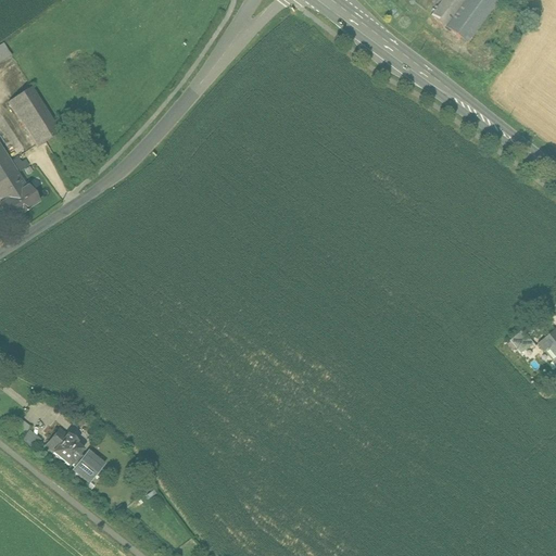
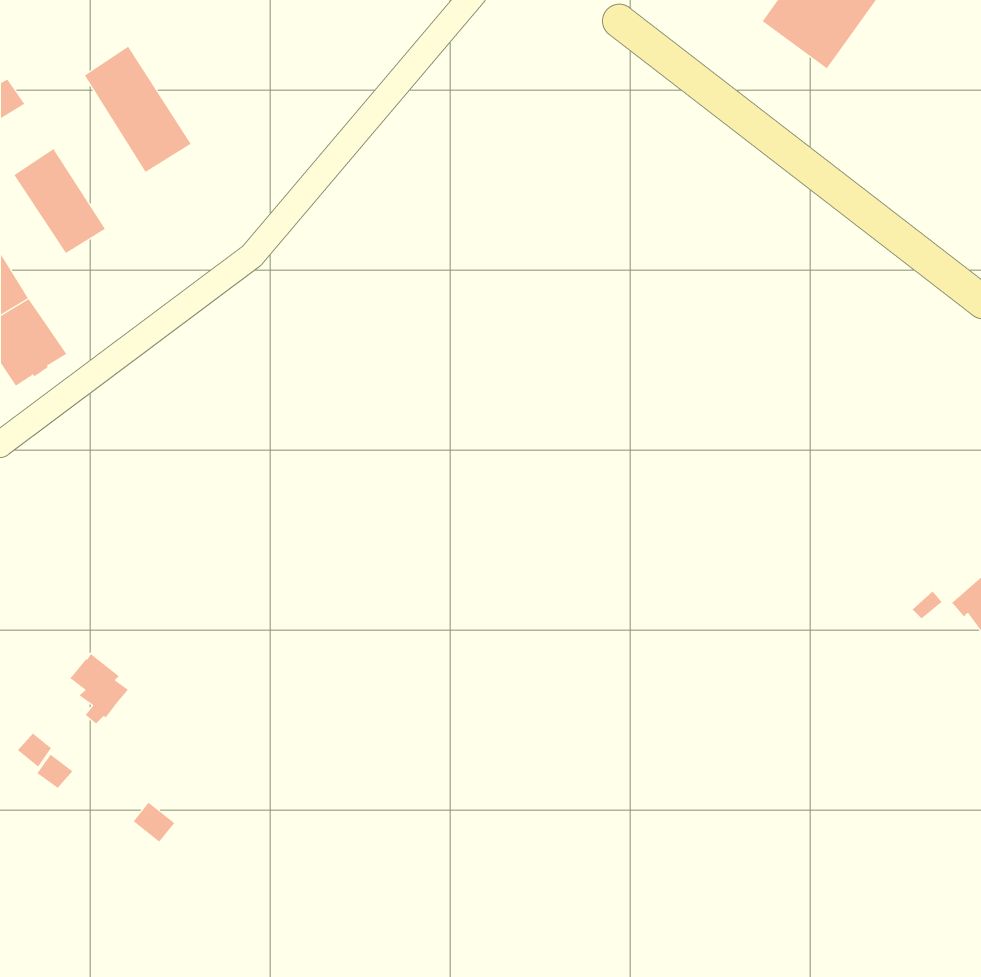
building: none -> [84,46,192,173]
building: [48,426,81,466] -> [69,653,129,724]

